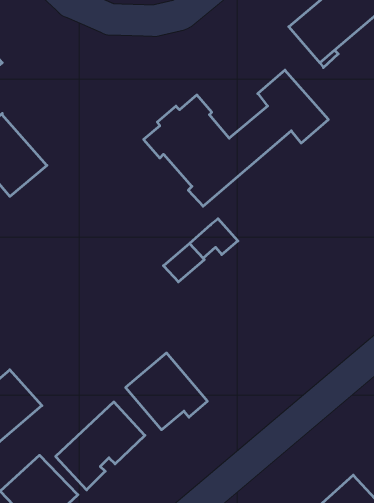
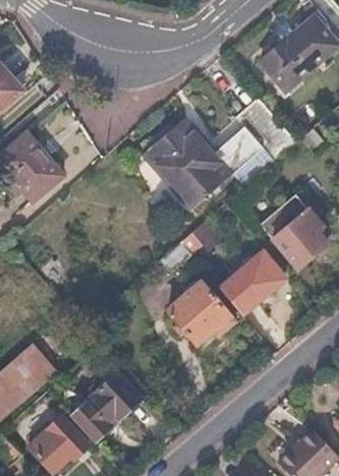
building: none -> [260,193,326,266]
building: none -> [219,251,284,313]
building: [126,353,207,430] -> [166,281,233,344]

